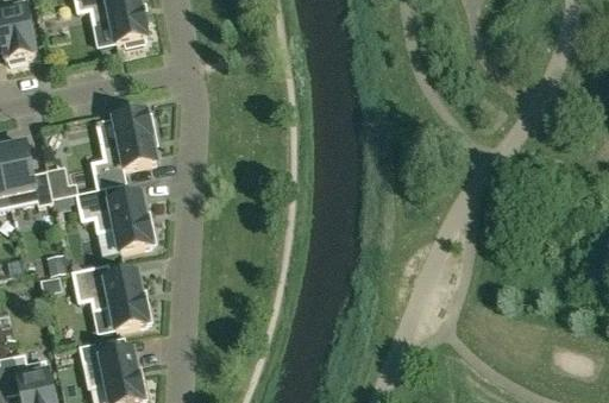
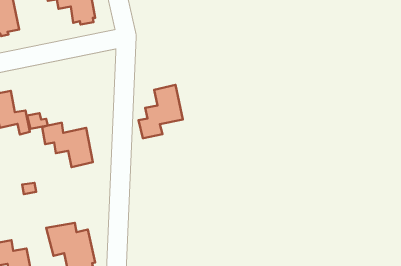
building: [92,109,156,187] -> [139,85,183,138]
building: [65,264,140,328] -> none

